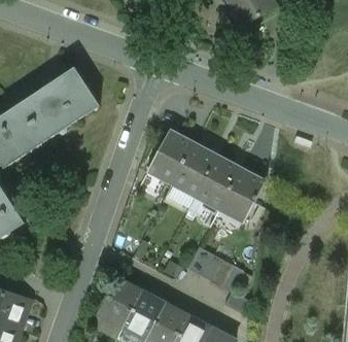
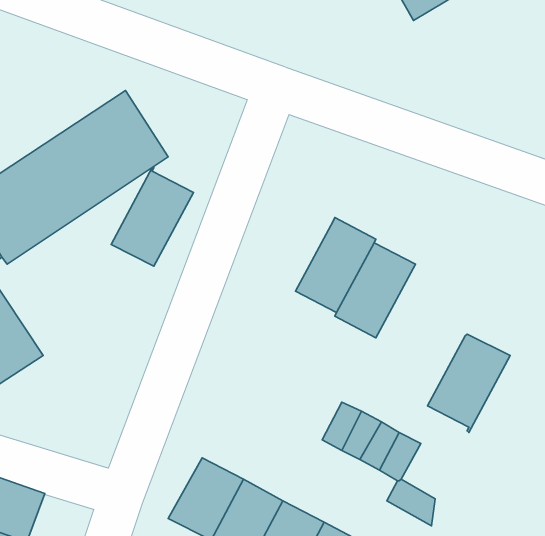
building: [145,129,193,185] -> [111,168,193,266]
building: [218,167,266,224] -> [428,334,510,433]

